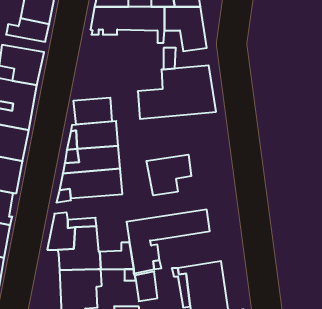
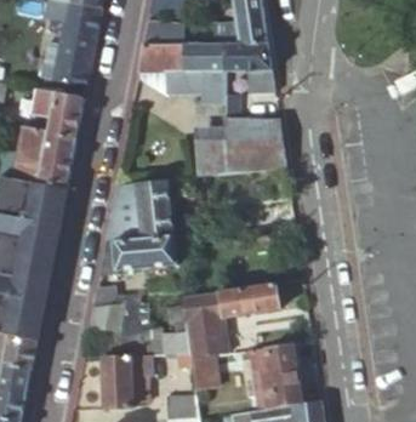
building: [74,98,112,125] -> none
building: [146,155,191,195] -> none

